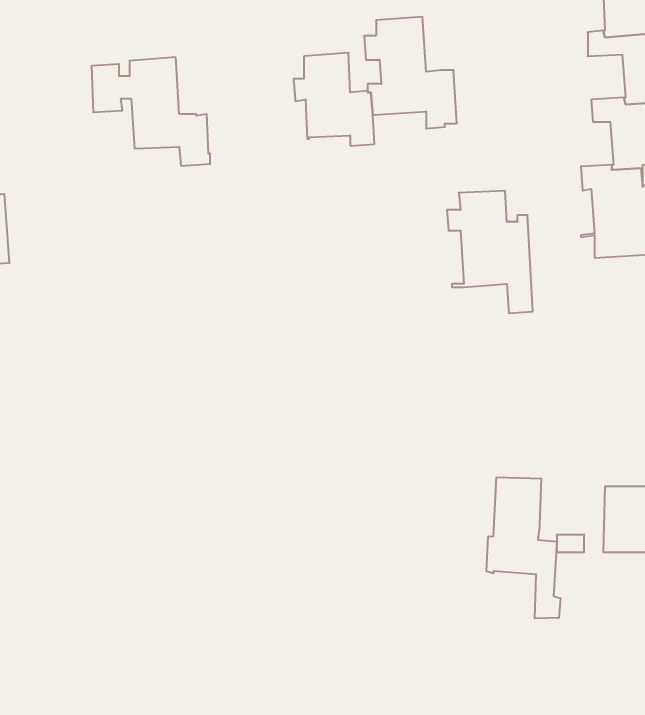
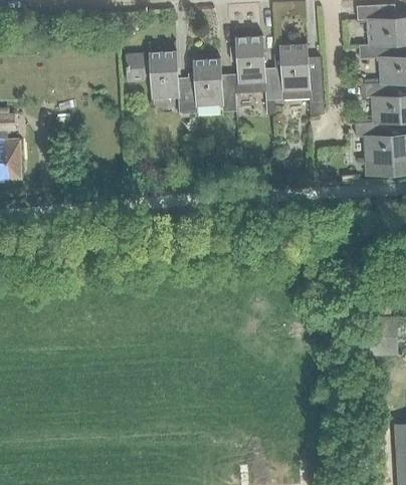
building: [91,57,210,166] -> [127,51,196,114]
building: [447,191,533,313] -> [272,44,323,115]
building: [487,477,560,618] -> none

